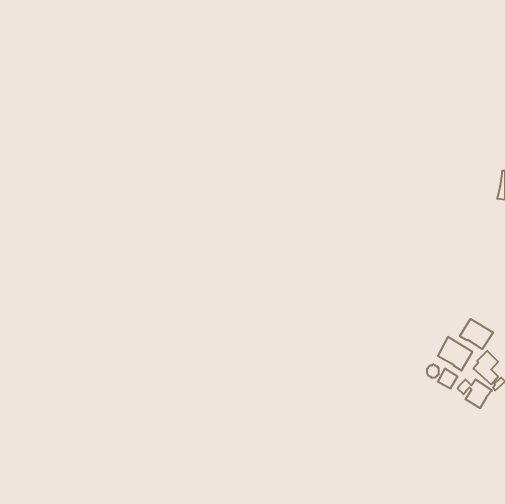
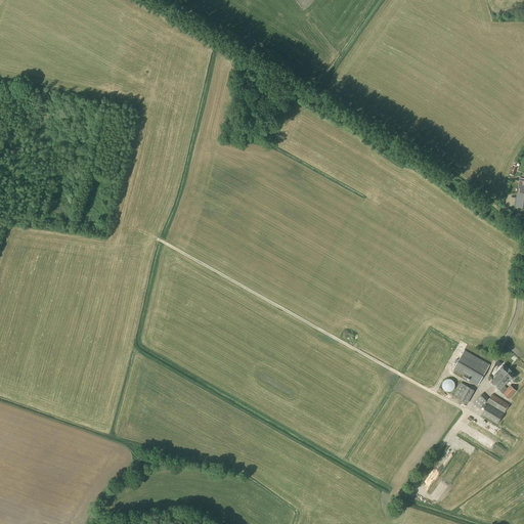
building: [460,319,493,349] -> none

